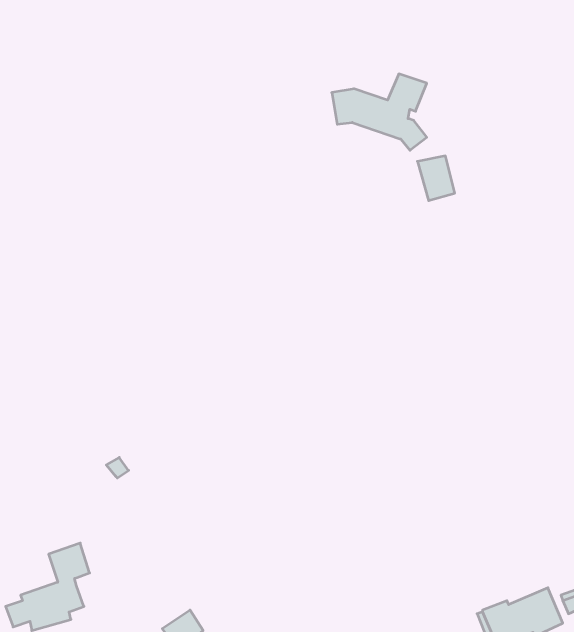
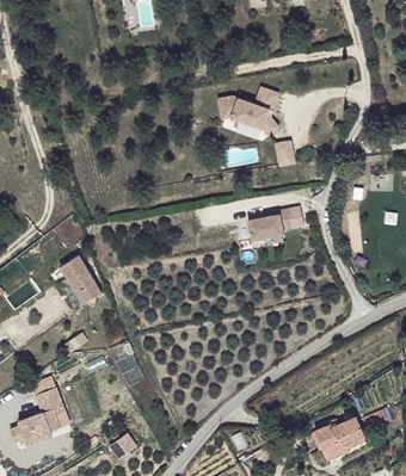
building: none -> [247,209,291,240]
building: none -> [60,254,100,302]

